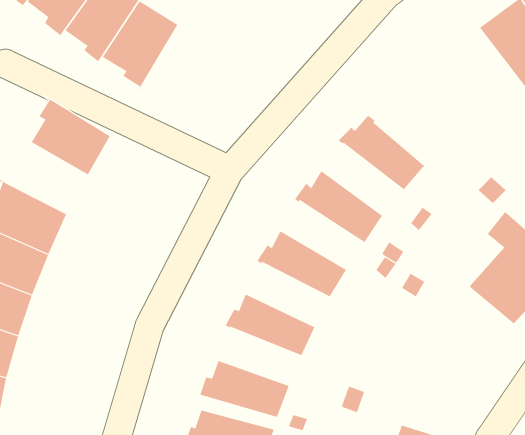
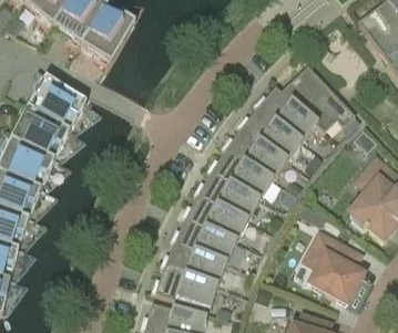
building: none -> [280,66,361,134]
building: none -> [11,102,70,159]
building: none -> [238,107,303,160]
building: none -> [207,149,274,200]
building: none -> [182,195,248,242]
building: none -> [309,233,363,303]
building: none -> [161,242,227,285]

